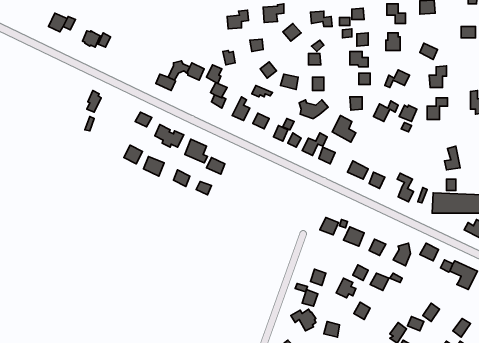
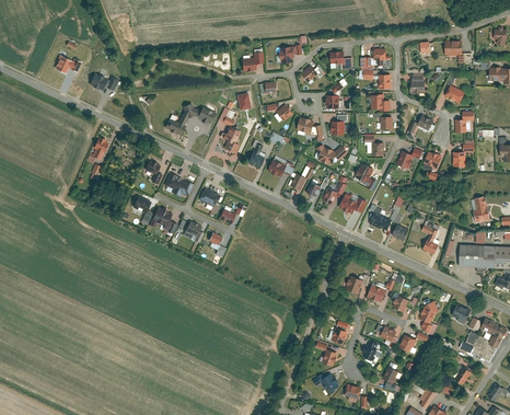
building: none -> [459,331,496,361]

